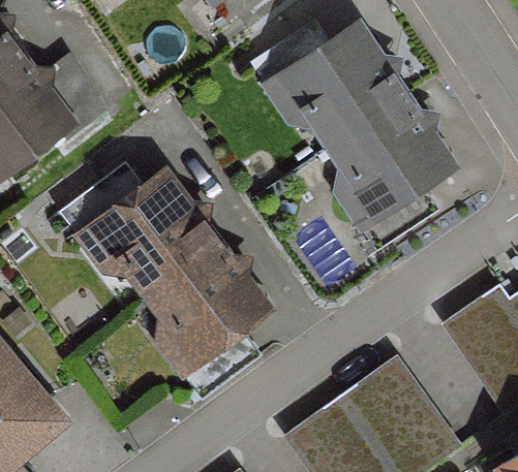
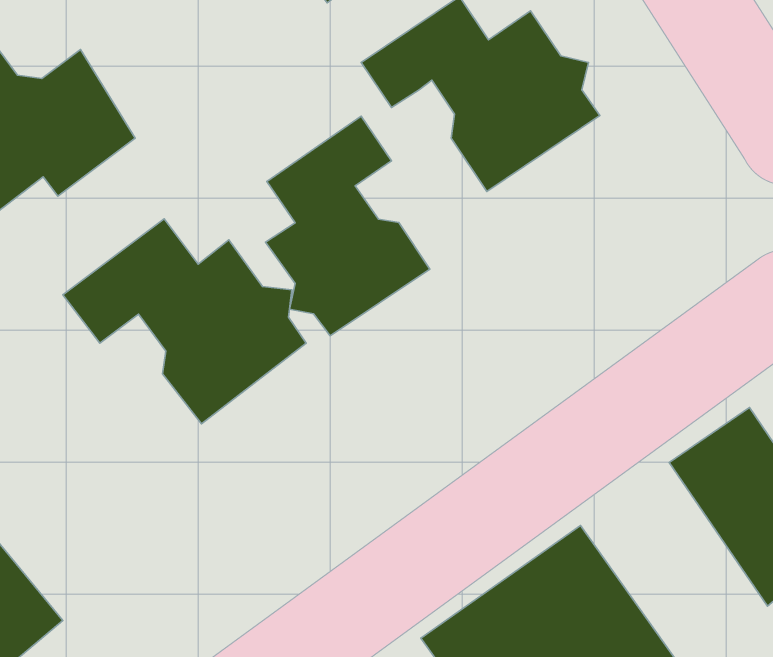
building: [329,98,446,252] -> none
building: none -> [266,116,430,336]
building: [146,244,262,401] -> none

